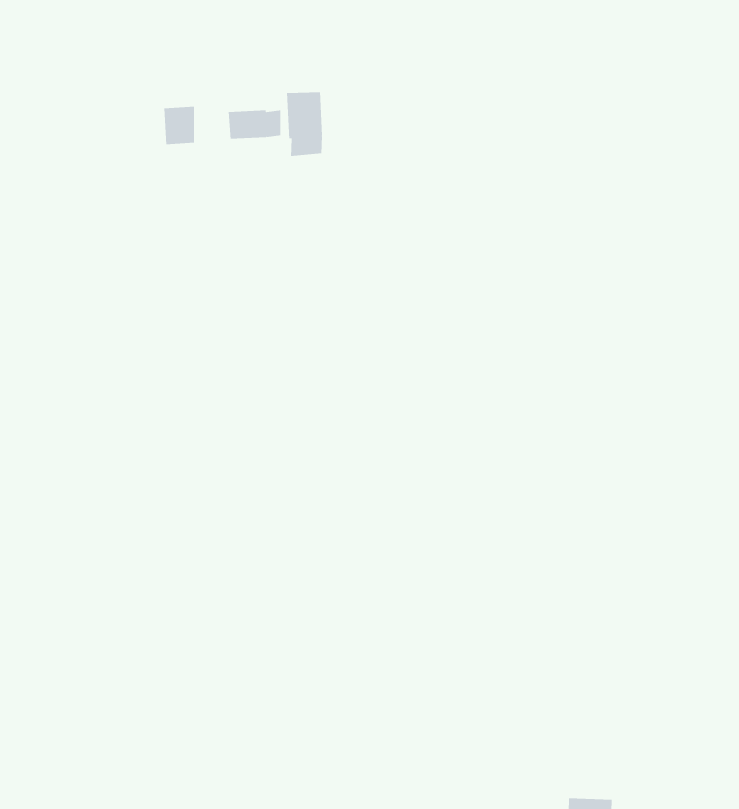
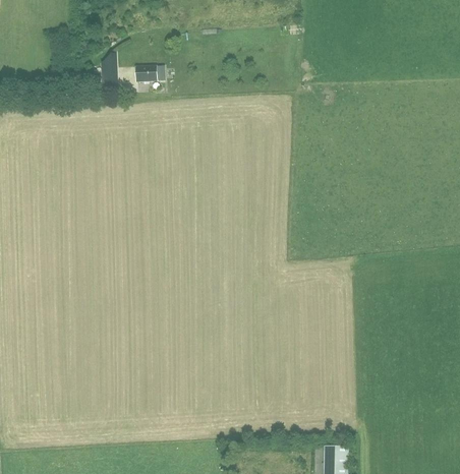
building: [287,91,322,157] -> none

